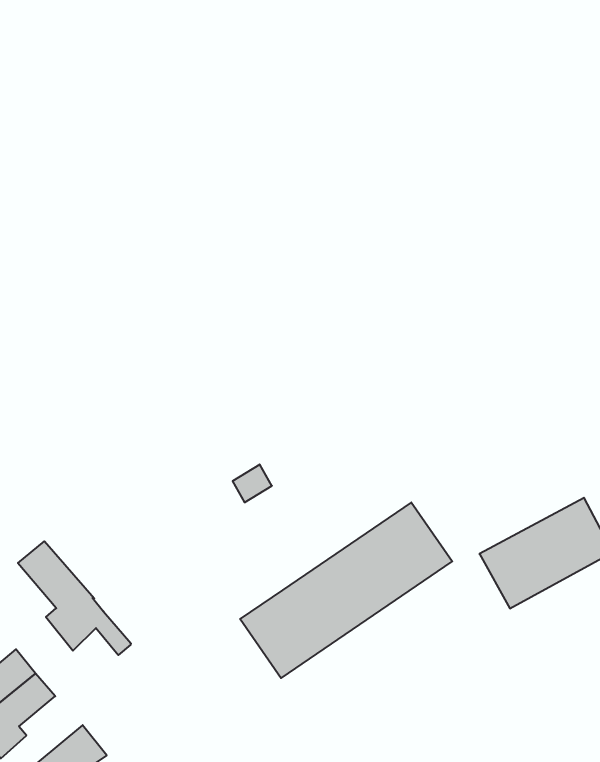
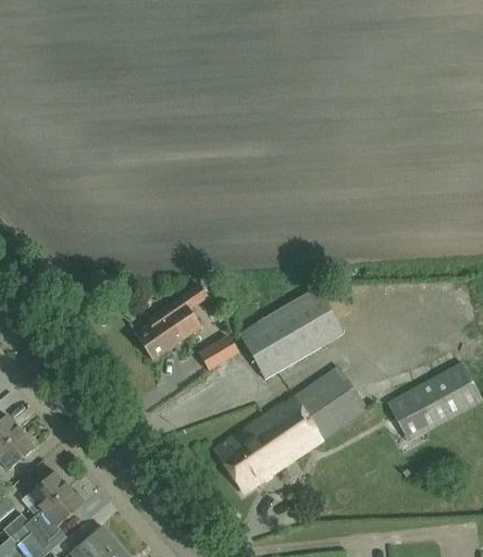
building: none -> [135,283,205,360]
building: none -> [238,287,344,380]
building: [18,541,131,655] -> none

